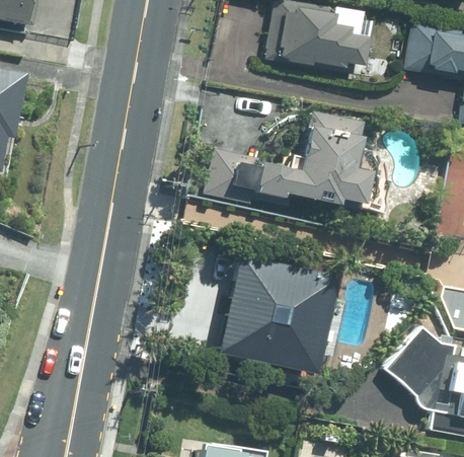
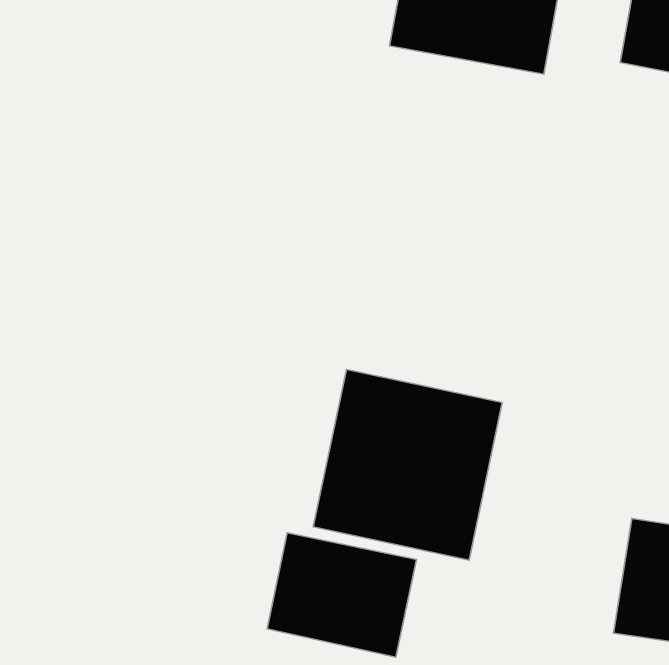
building: [205,111,372,205] -> none
building: none -> [267,533,416,657]

